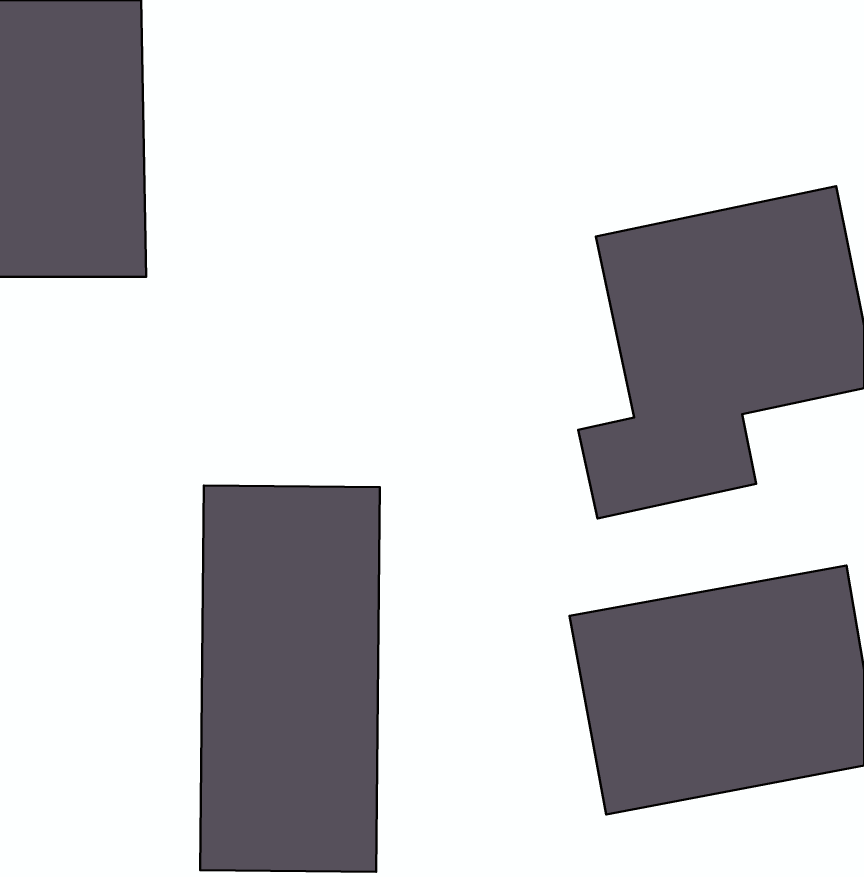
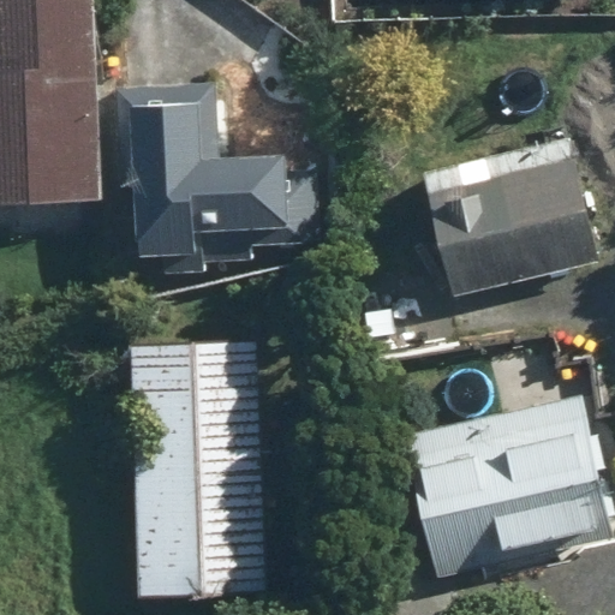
building: none -> [112,90,293,261]

